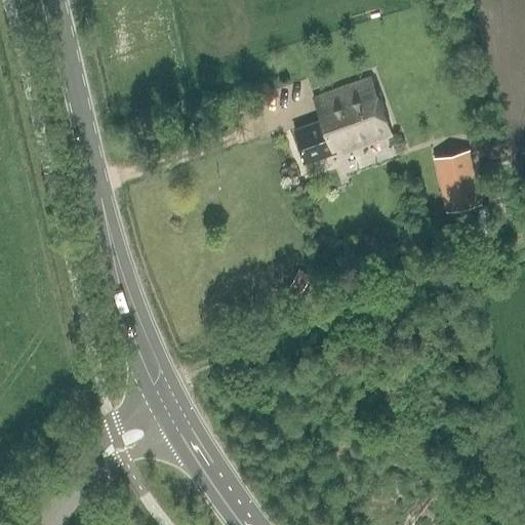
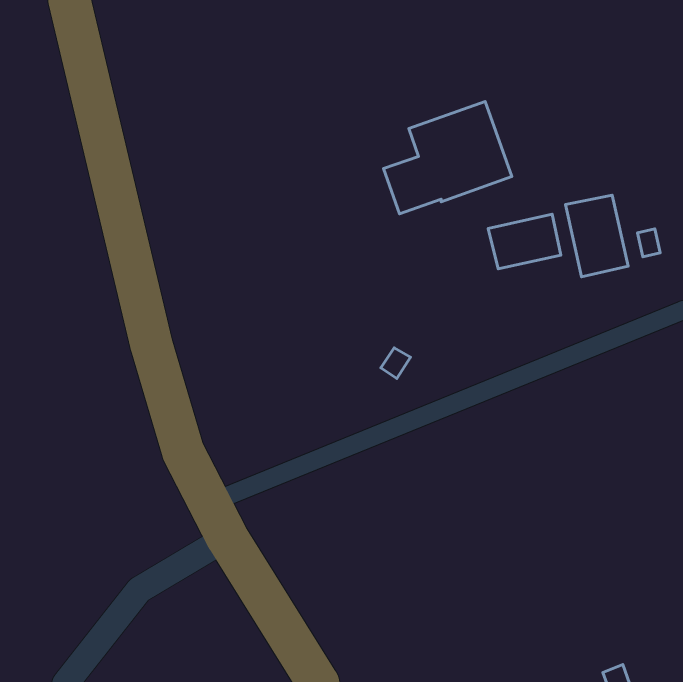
building: none -> [488,214,561,269]

